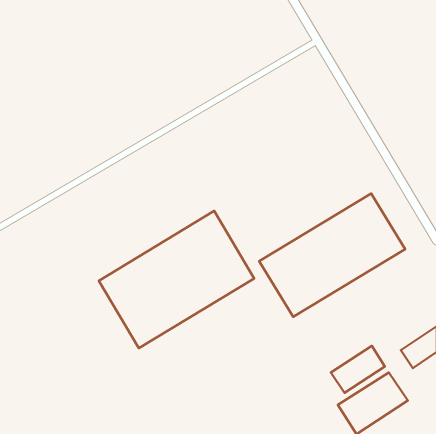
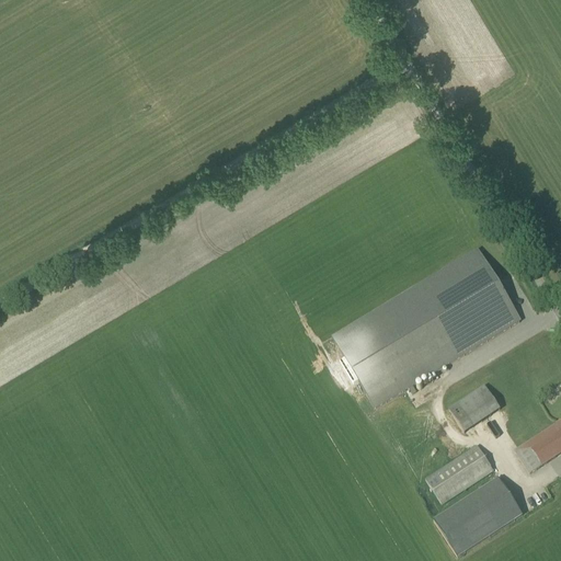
building: [99,211,254,348] -> none
building: none -> [449,383,501,431]

